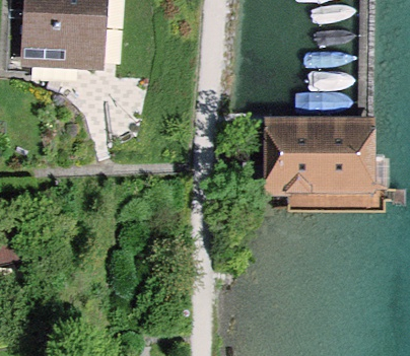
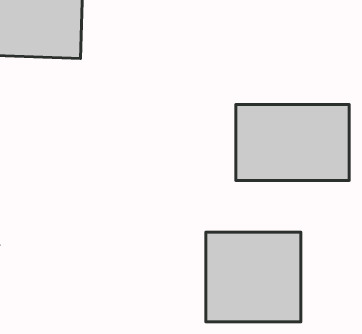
building: none -> [206,232,301,322]

